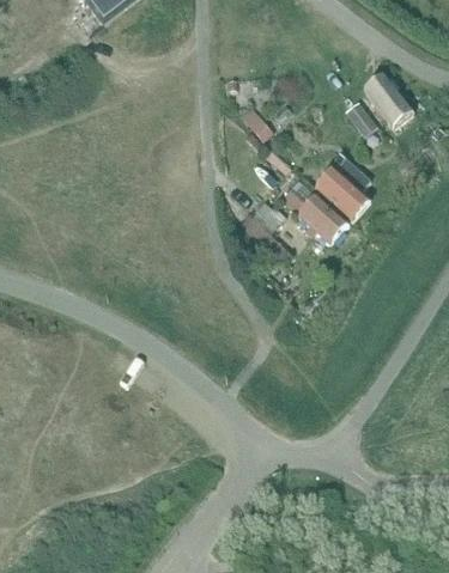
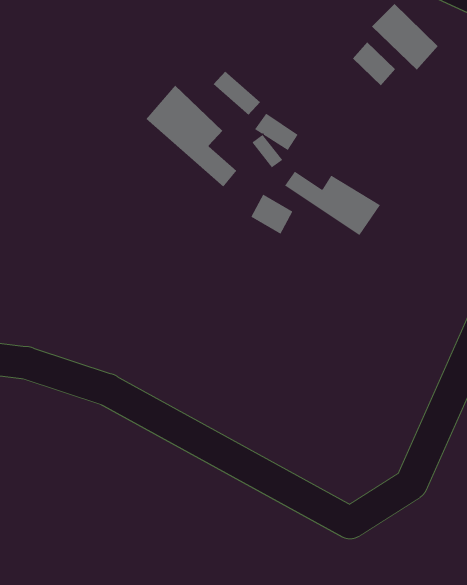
building: none -> [145,85,237,187]
building: [315,152,369,219] -> none

